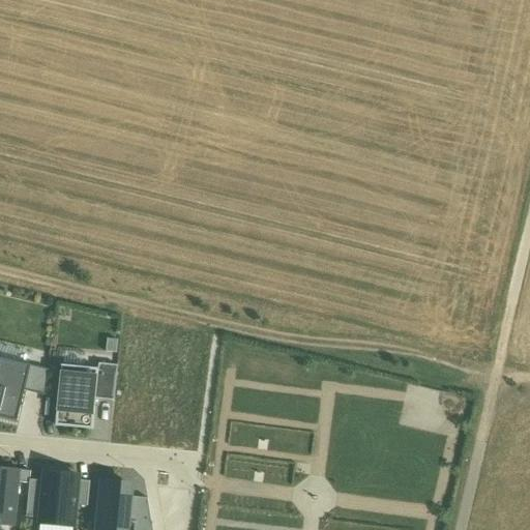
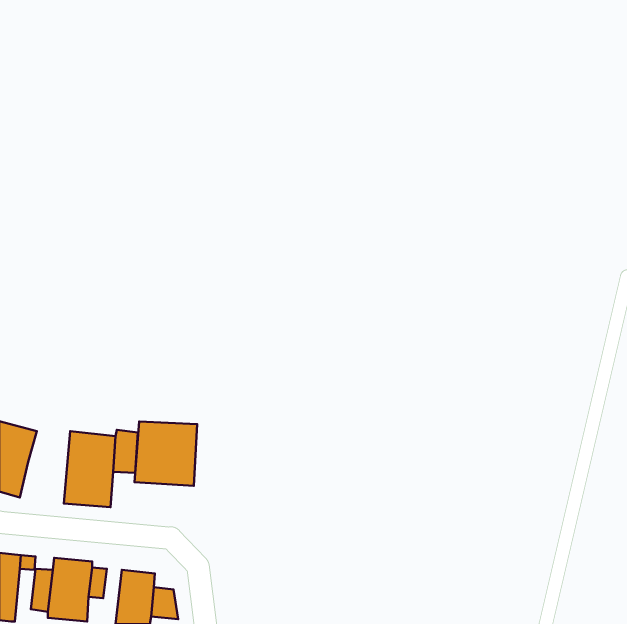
building: none -> [135,422,197,486]
building: [24,363,48,393] -> none

